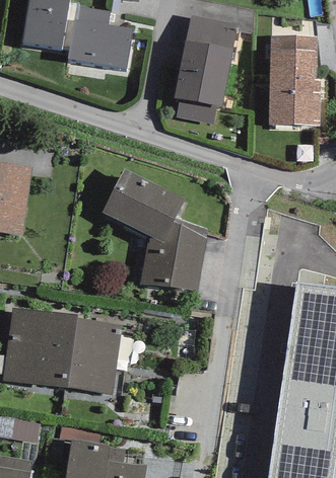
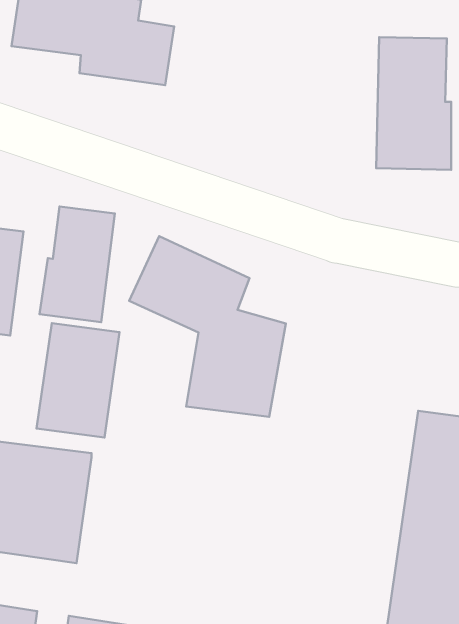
building: [174,15,238,124] -> none
building: none -> [40,207,115,322]
building: [66,318,122,395] -> [37,323,119,438]

